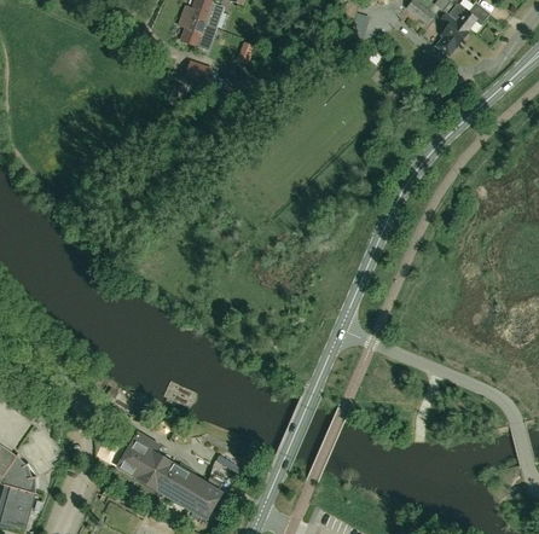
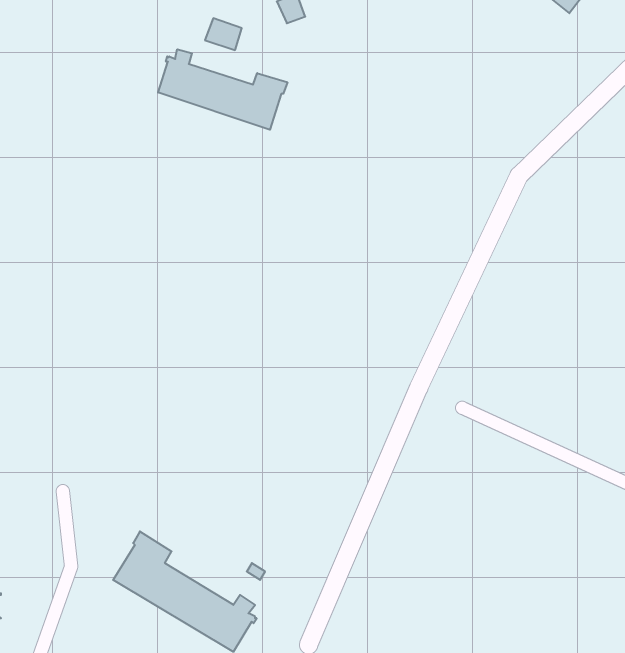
building: none -> [158,49,287,130]

